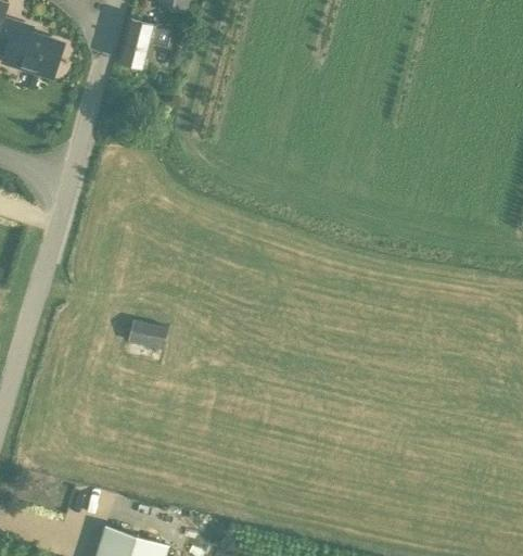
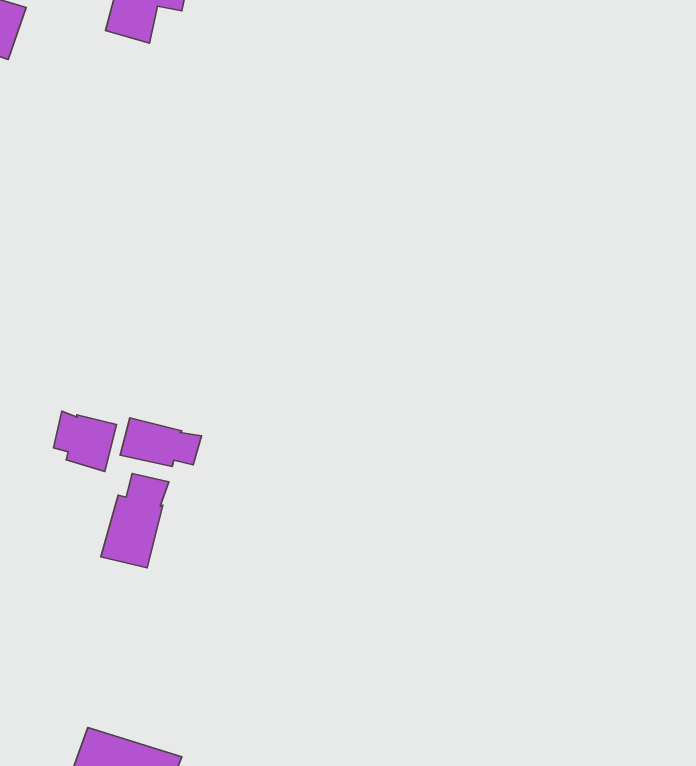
building: none -> [53,411,116,472]
building: none -> [101,474,169,568]

